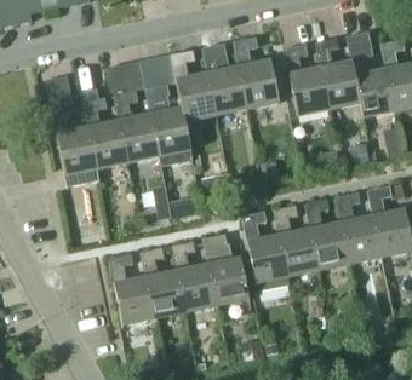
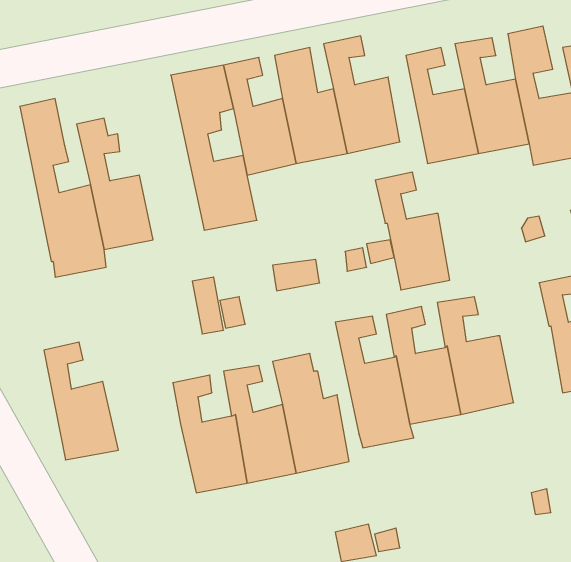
building: [107,63,159,162] -> none
building: [334,190,380,263] -> [375,172,450,290]
building: [108,252,154,324] -> [44,342,118,460]

